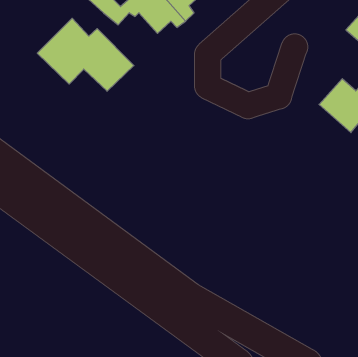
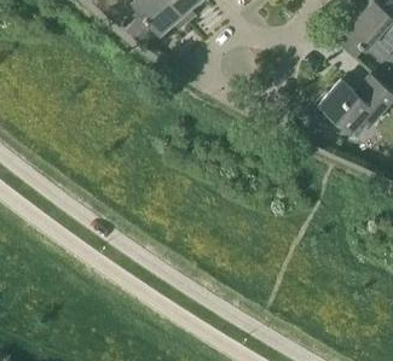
building: [37,18,134,91] -> none

